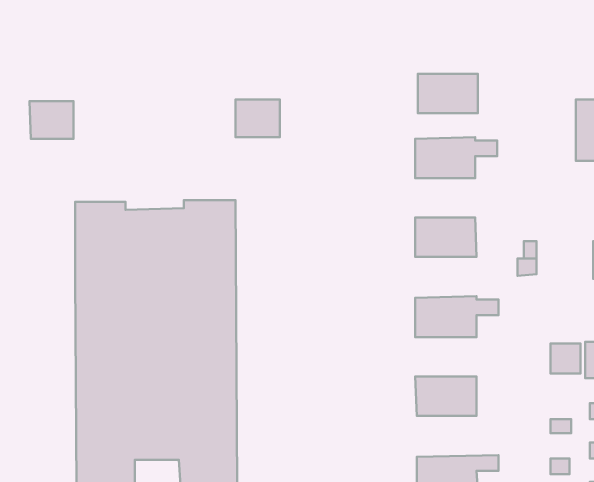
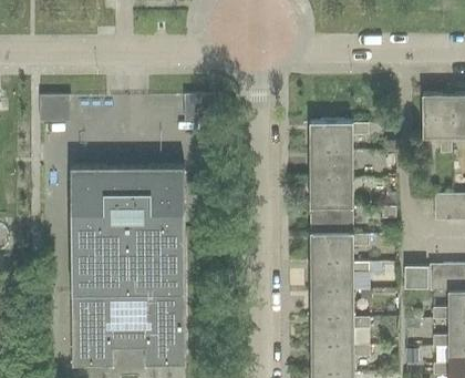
building: [418,74,478,113] -> [310,151,352,178]
building: none -> [310,206,353,235]
building: none -> [310,263,369,290]
building: none -> [311,318,369,347]

